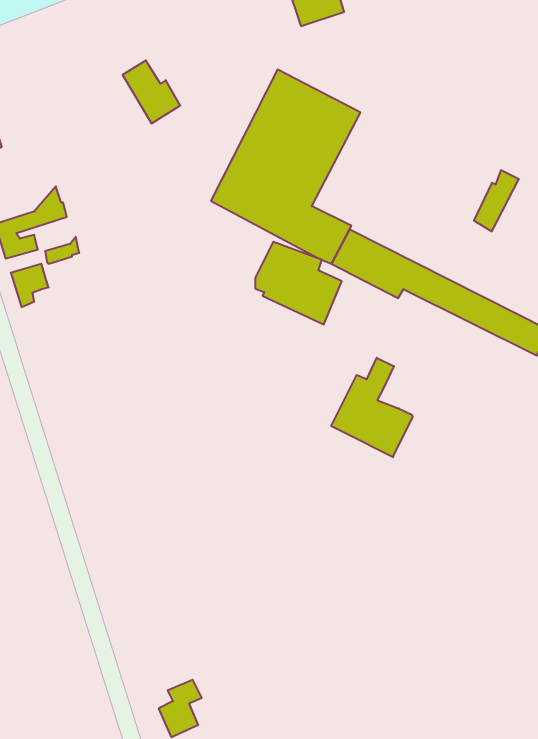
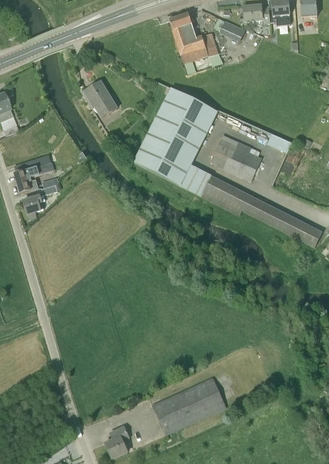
building: [255,242,342,325] -> [213,135,261,181]
building: [331,358,413,457] -> none
building: none -> [153,377,226,433]

